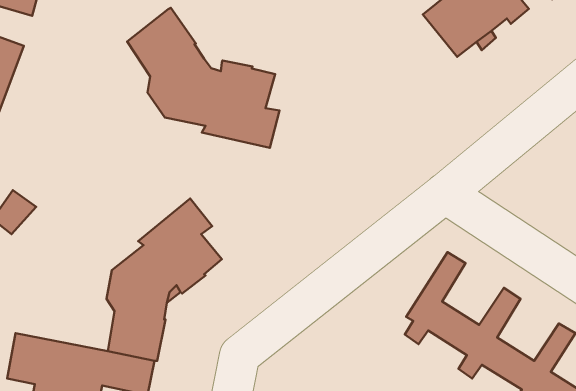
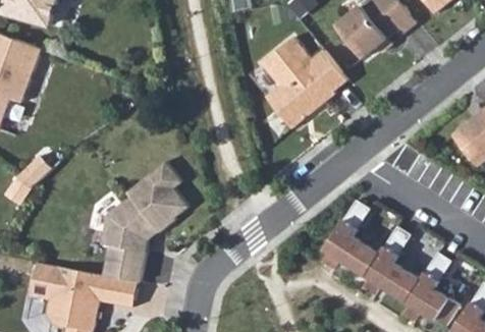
building: [127,8,280,148] -> none
building: none -> [260,37,345,128]

